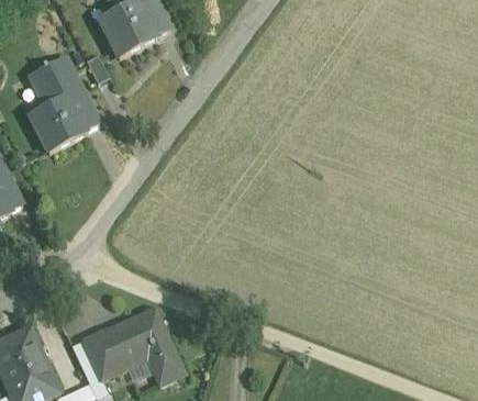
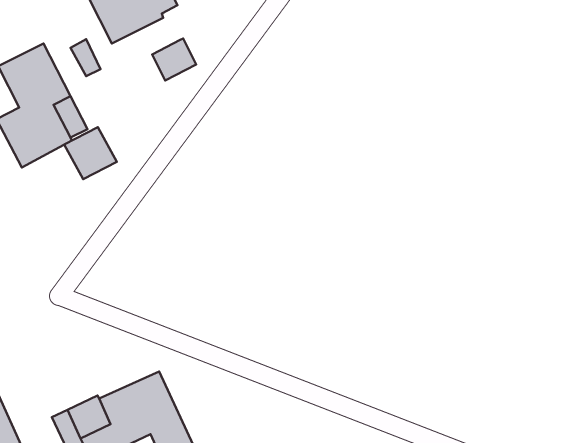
building: none -> [152,38,196,81]
building: none -> [64,127,117,179]

